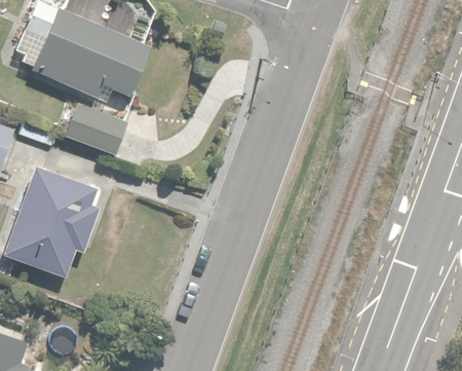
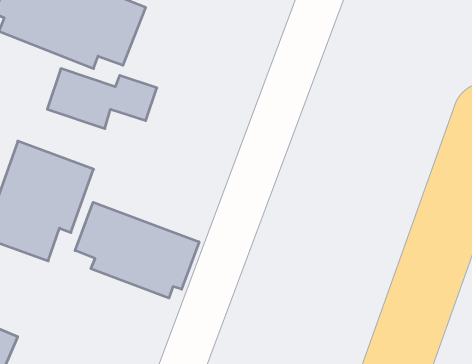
building: none -> [75,202,199,298]

